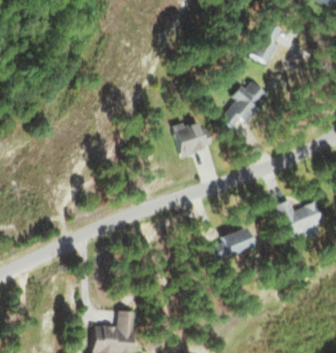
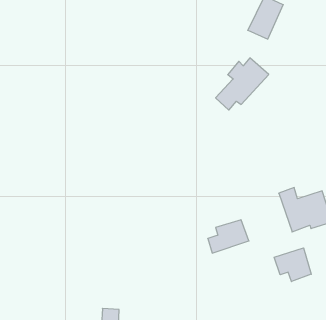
building: [171,122,208,158] -> none
building: none -> [274,248,311,282]

